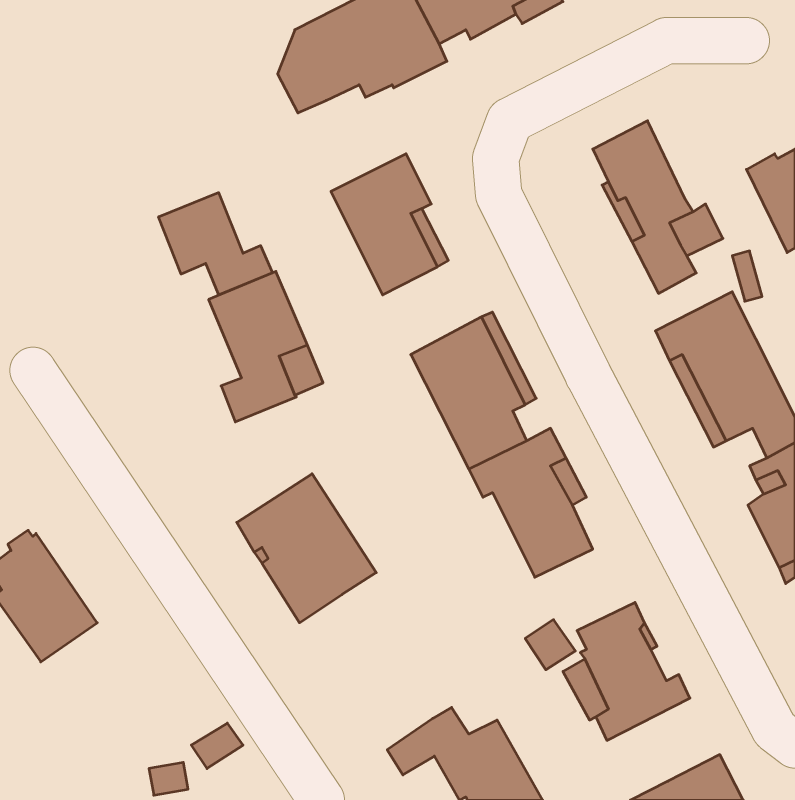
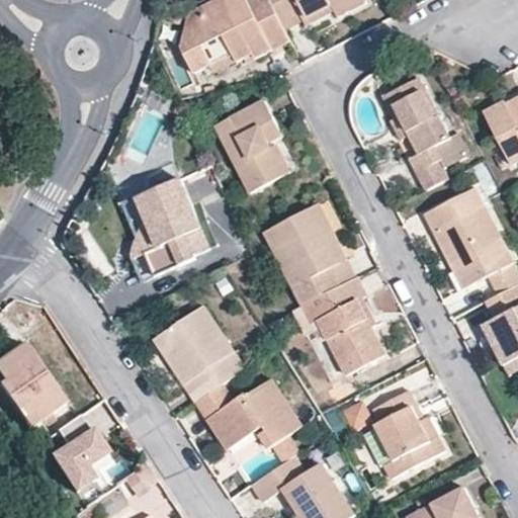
building: [159,193,272,295] -> none
building: none -> [193,379,299,463]
building: none -> [51,414,107,492]

